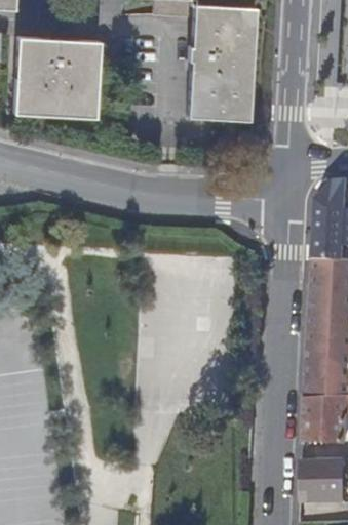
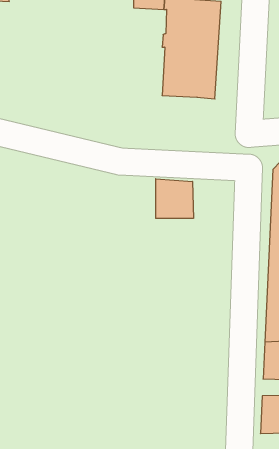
building: [12,36,99,116] -> none
building: none -> [156,179,193,218]

